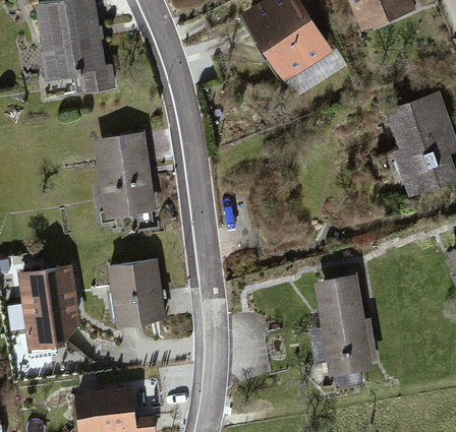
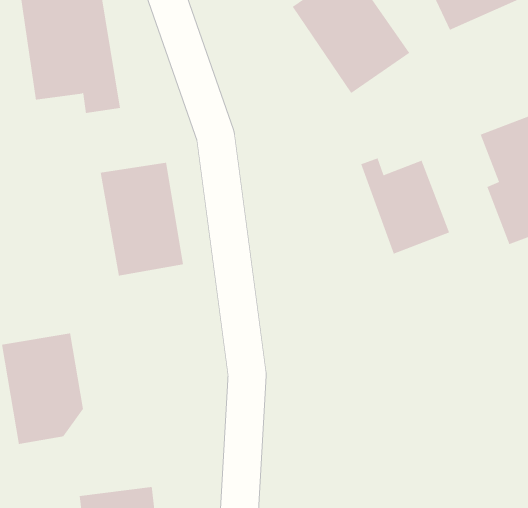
building: none -> [361,157,450,254]
building: [106,259,164,328] -> none
building: [307,270,378,378] -> none

